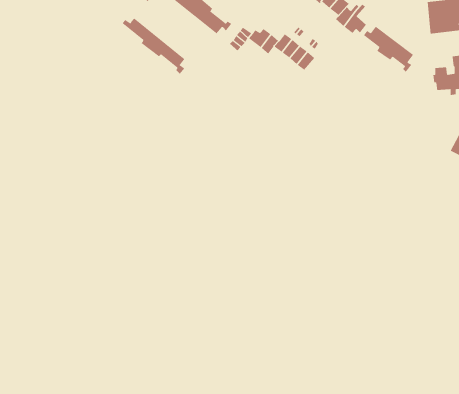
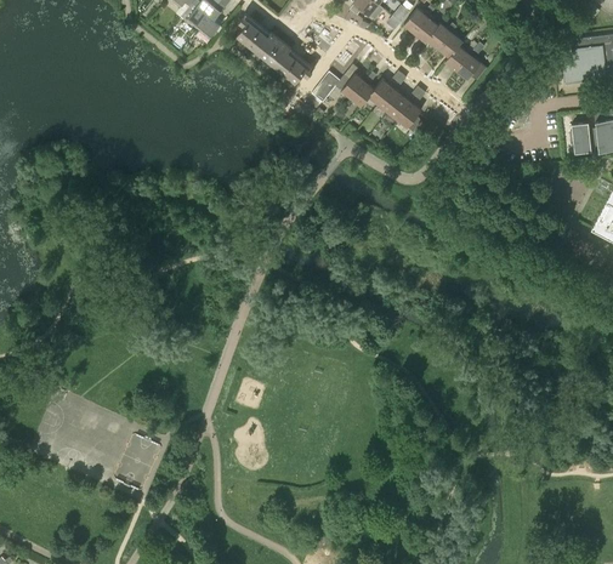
building: [122,18,185,74] -> none
building: [363,26,414,72] -> none

